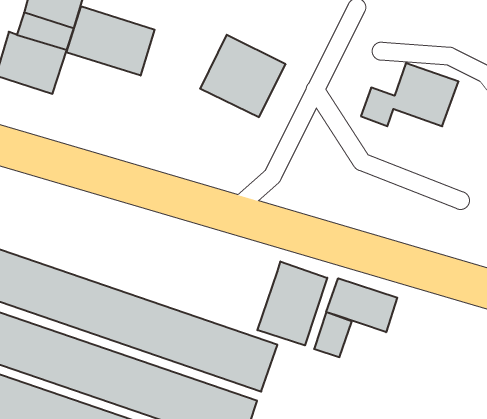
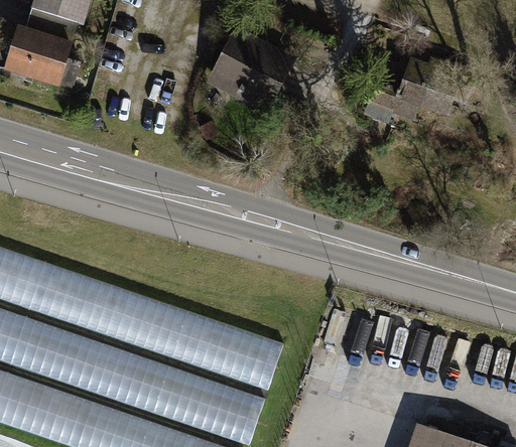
building: [66,6,155,76] -> none
building: [257,261,327,345] -> none
building: [326,278,397,332] -> none

